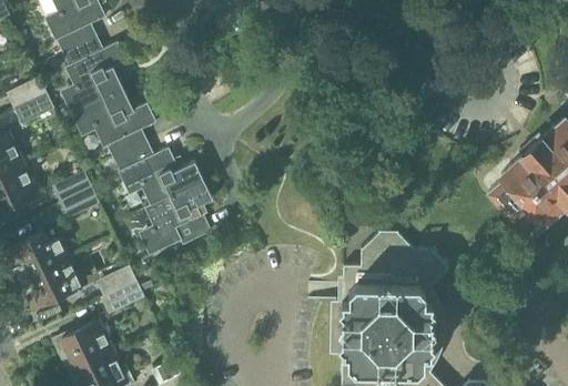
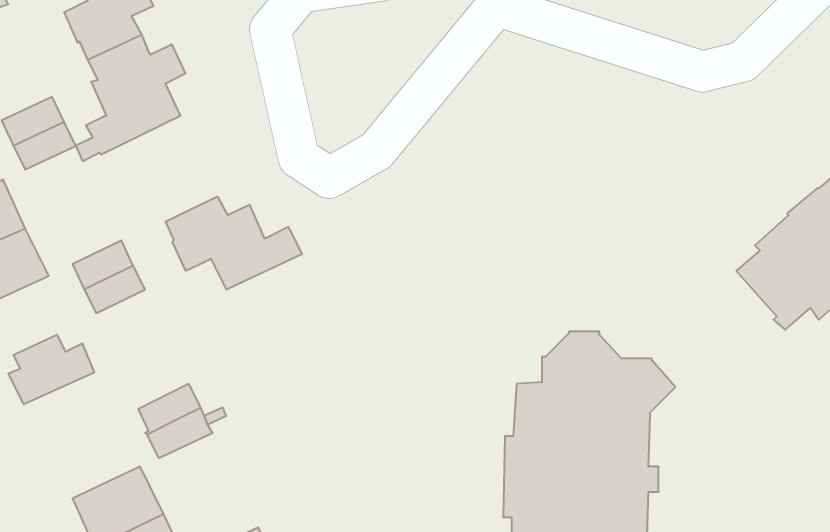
building: [71,90,156,160] -> none
building: [140,181,212,257] -> none
building: [20,258,81,306] -> none

